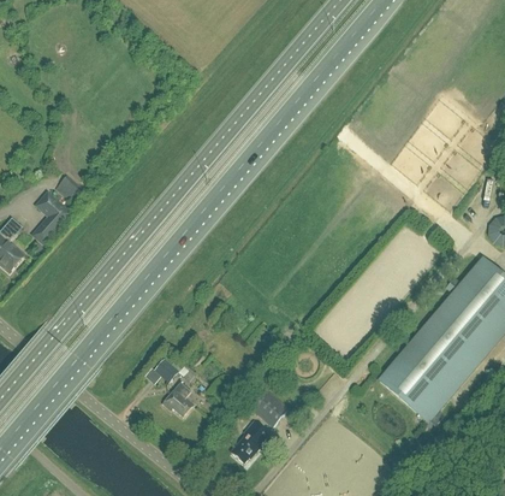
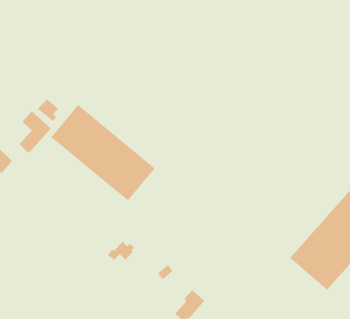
building: none -> [51,104,156,201]
building: [162,380,191,415] -> none
building: [249,388,289,426] -> none

